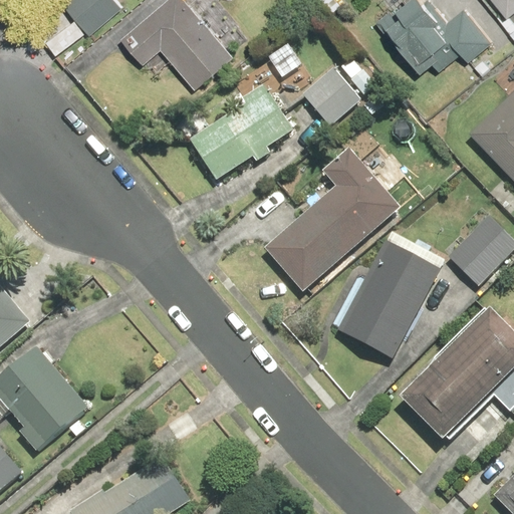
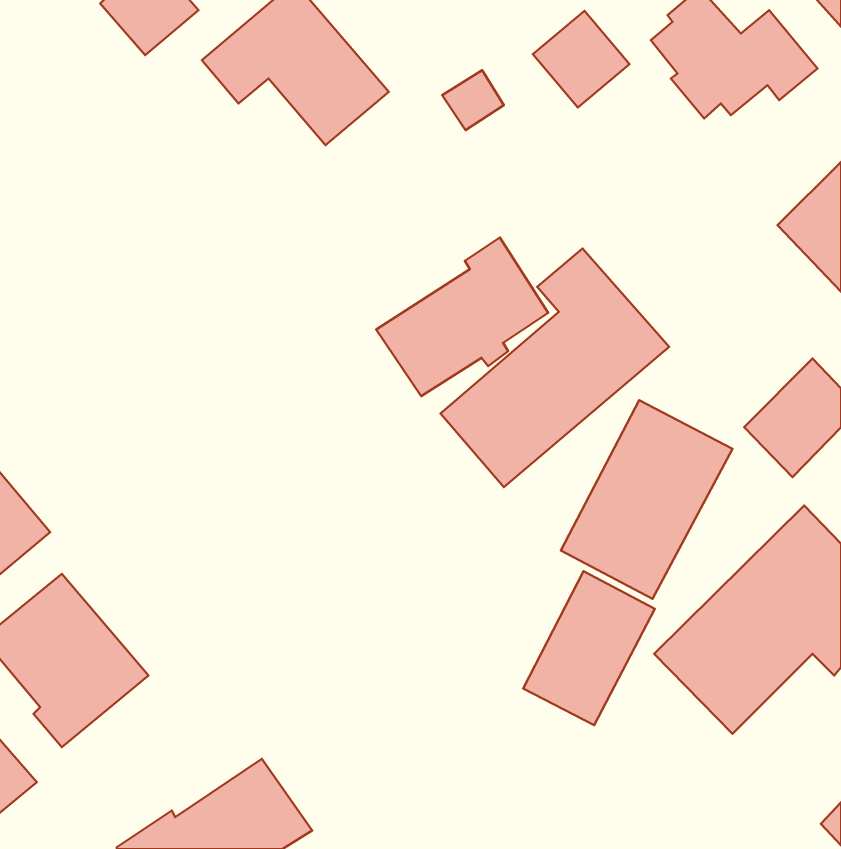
building: [302,69,360,127] -> [533,11,630,107]
building: [190,85,293,181] -> [376,238,548,396]
building: none -> [523,571,655,725]

